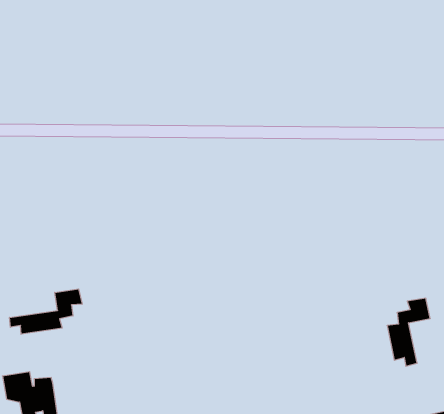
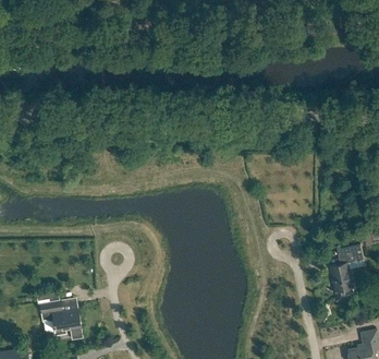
building: [10,289,82,334] -> none

